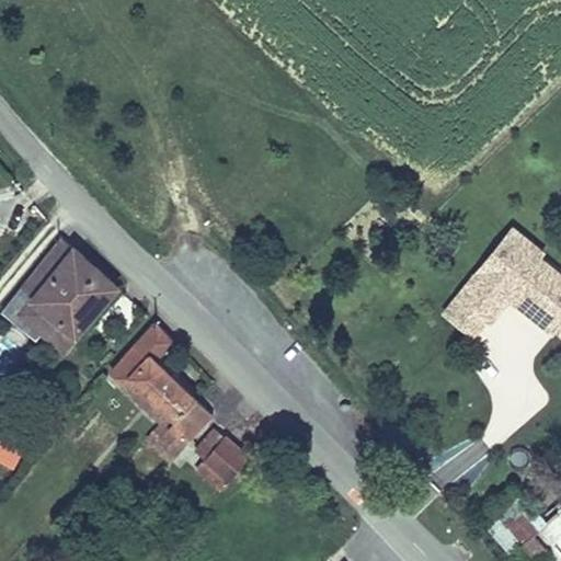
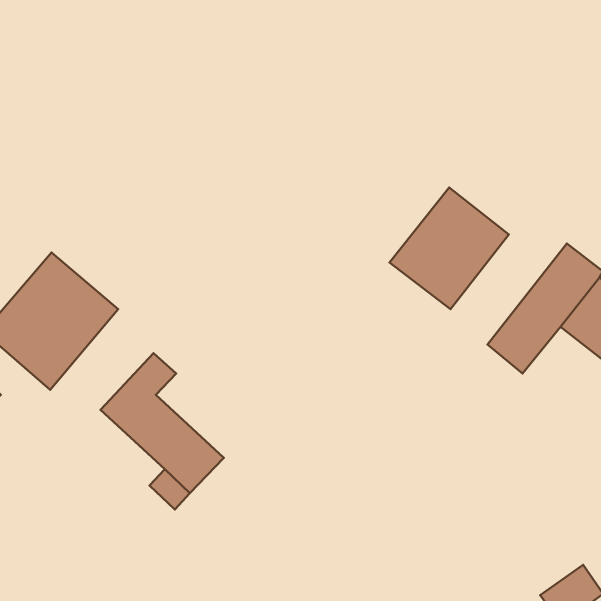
building: none -> [390,187,509,309]
building: [193,431,250,495] -> none

